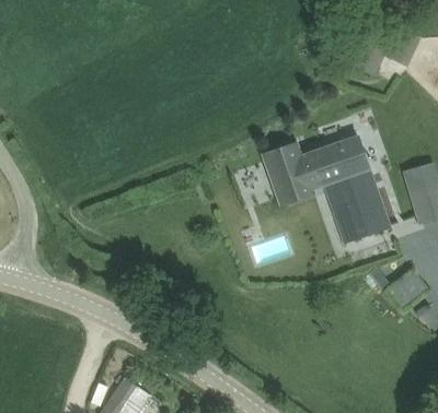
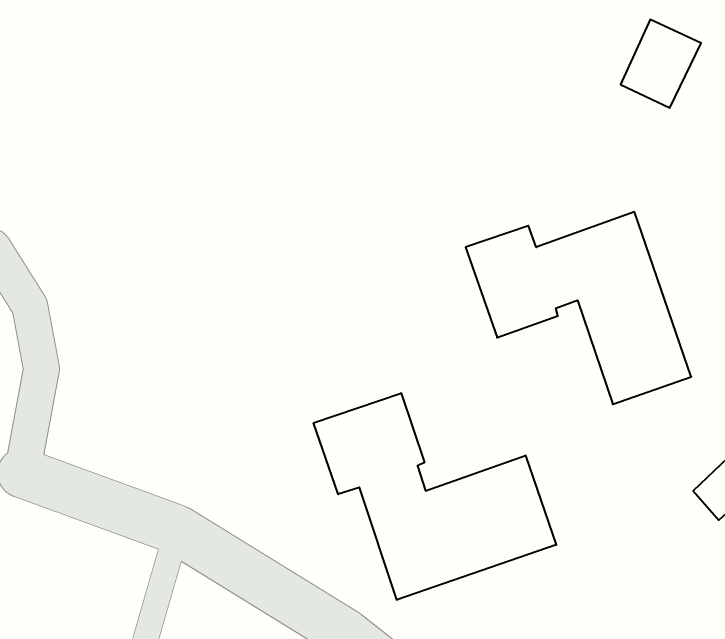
building: none -> [314,393,556,600]

